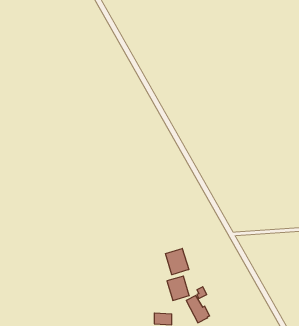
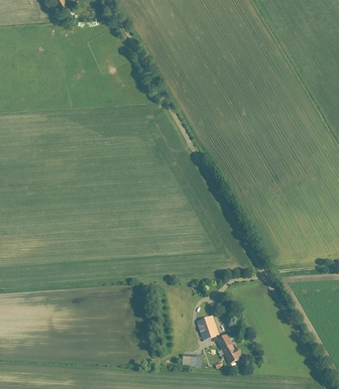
building: [165,248,189,275] -> none

